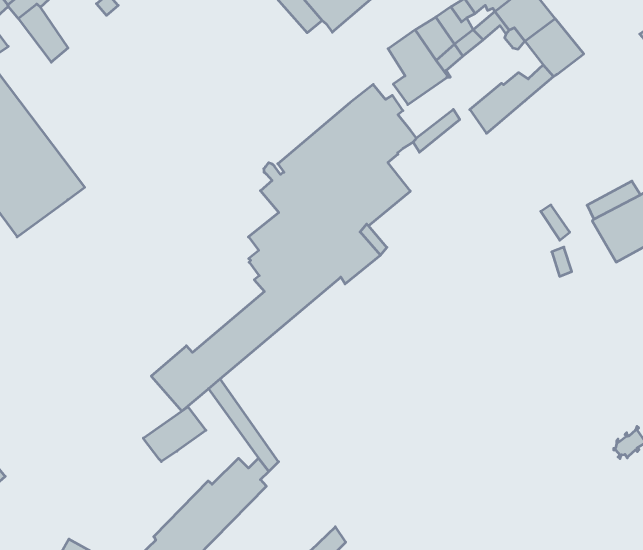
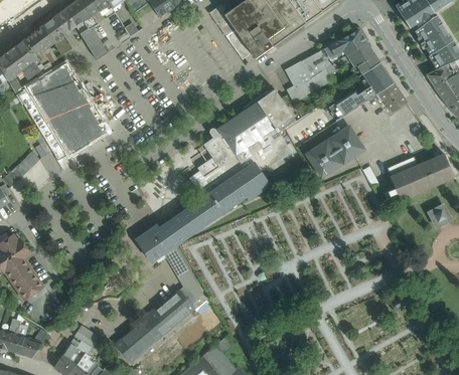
building: none -> [377,83,407,113]
building: none -> [306,127,364,177]
building: [143,407,206,462] -> none

